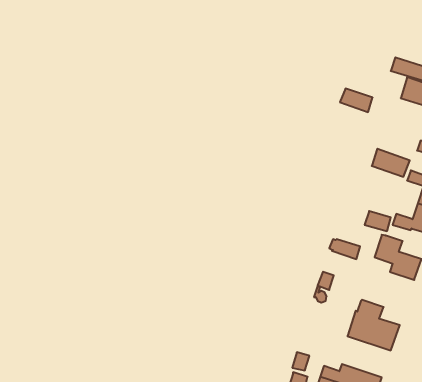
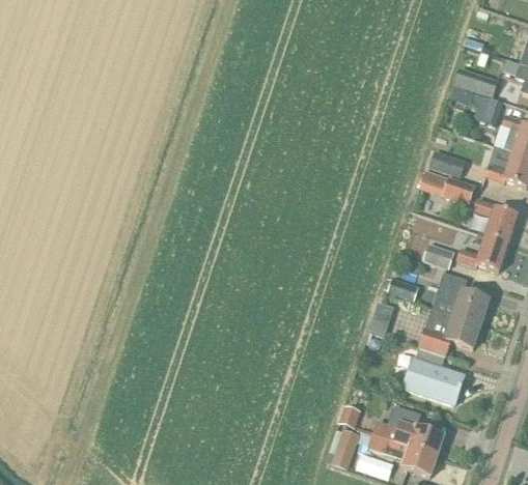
building: [340,89,373,112] -> [427,150,465,177]
building: none -> [420,308,480,354]

